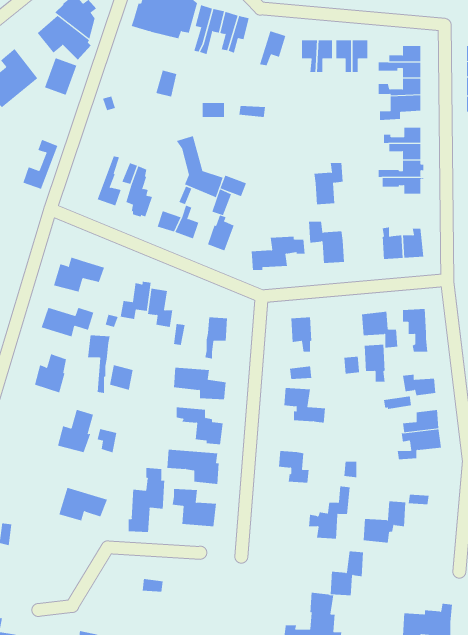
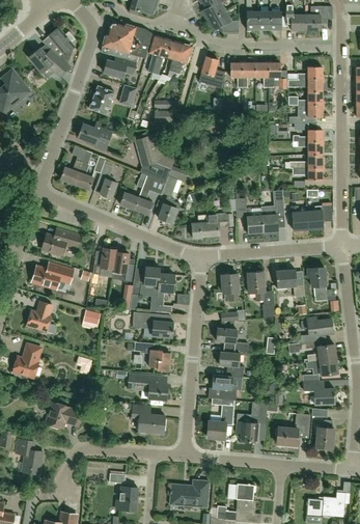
building: none -> [104,56,136,78]
building: [44,57,77,96] -> [89,86,114,115]
building: none -> [78,122,111,149]
building: [23,139,58,190] -> [60,145,87,184]
building: [313,163,343,205] -> [261,199,284,231]
building: [87,335,110,393] -> [143,267,161,311]
building: [364,344,386,382] -> [248,271,265,300]
building: [57,409,94,453] -> [12,343,40,377]
building: none -> [220,351,244,377]
building: none -> [304,381,335,404]
building: [128,467,165,533] -> none
building: none -> [316,420,334,449]
building: none -> [16,439,43,474]
building: [330,551,364,596] -> [209,405,234,439]
building: none -> [170,479,210,506]
building: none -> [119,486,138,511]

